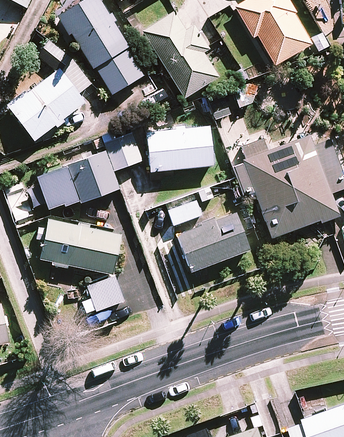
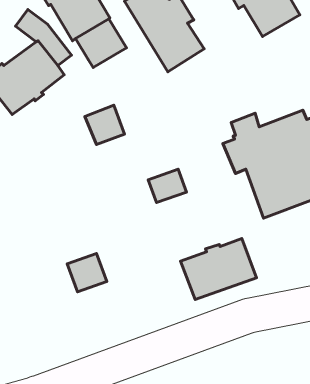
building: [145,124,213,171] -> none
building: [35,150,120,209] -> none
building: [176,212,249,271] -> [181,238,256,300]
building: [36,218,120,273] -> none

